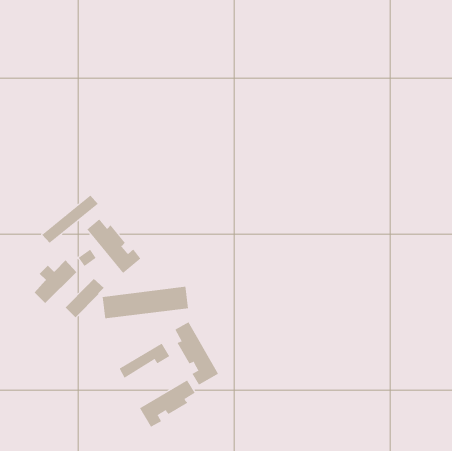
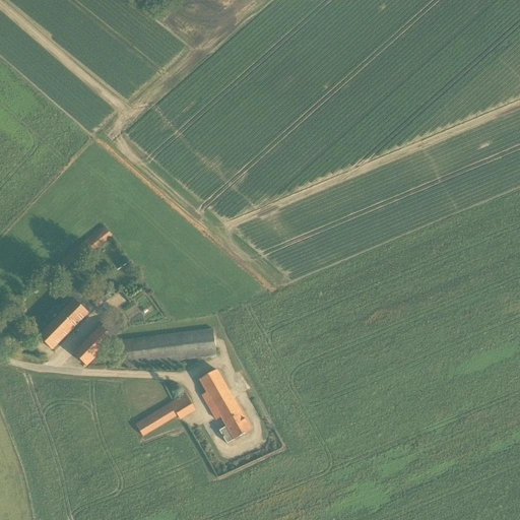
building: [87,219,141,274] -> none
building: [139,379,195,427] -> none

